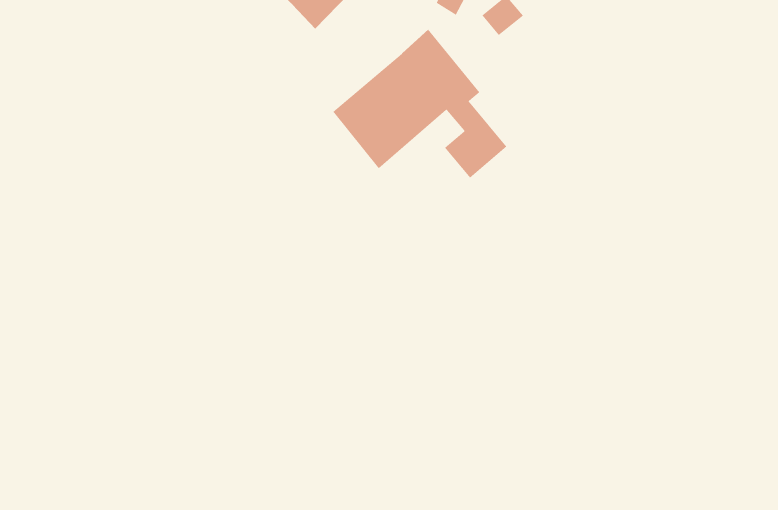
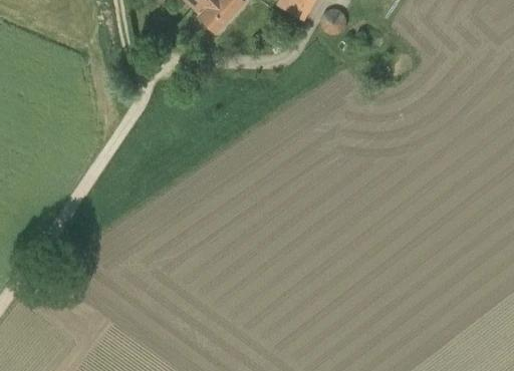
building: [332,29,507,178] -> none

